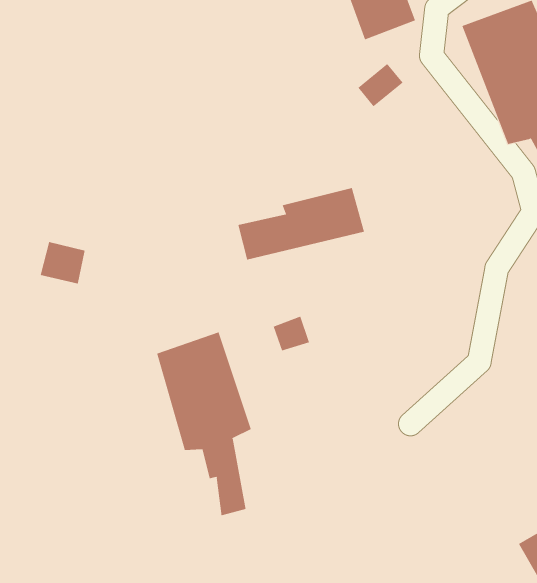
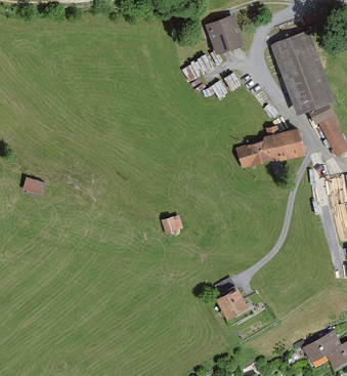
building: [238,188,365,260] -> [233,128,307,170]
building: [156,332,252,516] -> none
building: none -> [221,286,255,320]

